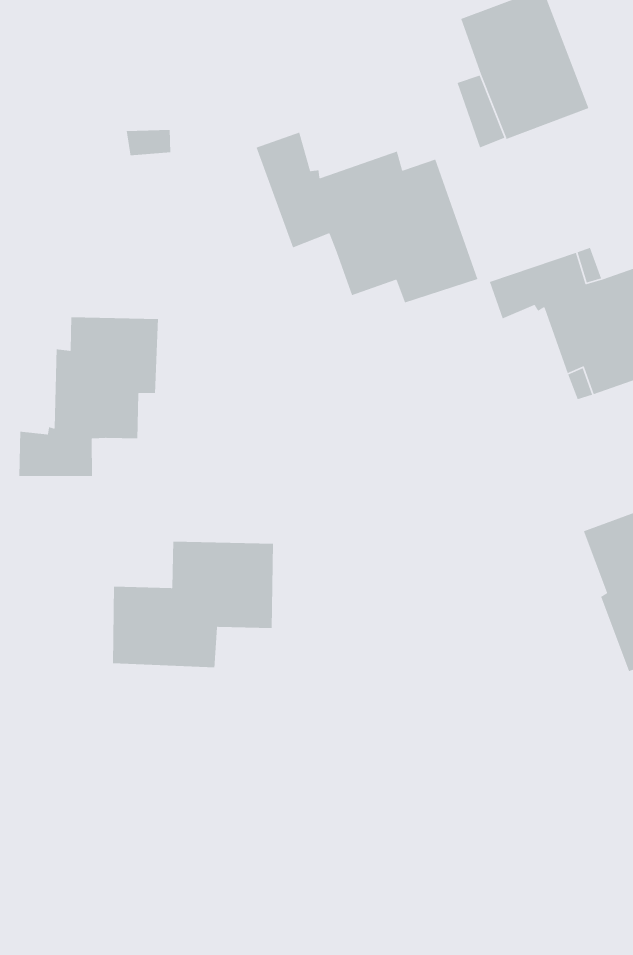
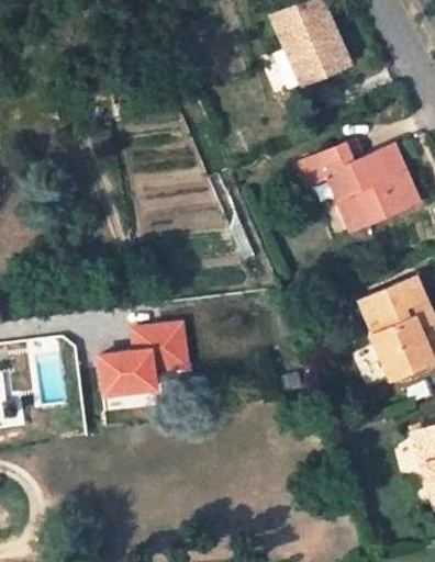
building: [255,132,478,303] -> none
building: [18,316,159,477] -> none

